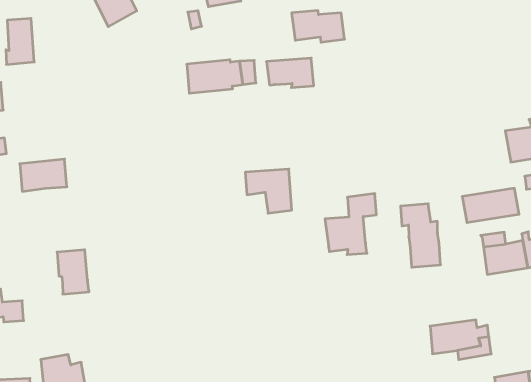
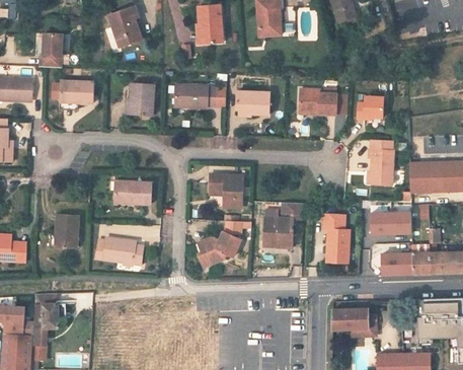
building: [292,11,345,42] -> [299,89,336,115]
building: none -> [358,96,383,119]
building: none -> [130,84,154,117]
building: none -> [366,140,391,186]
building: [20,159,67,191] -> [59,81,94,103]
building: none -> [113,182,151,205]
building: none -> [196,221,239,265]
building: none -> [96,239,143,264]

